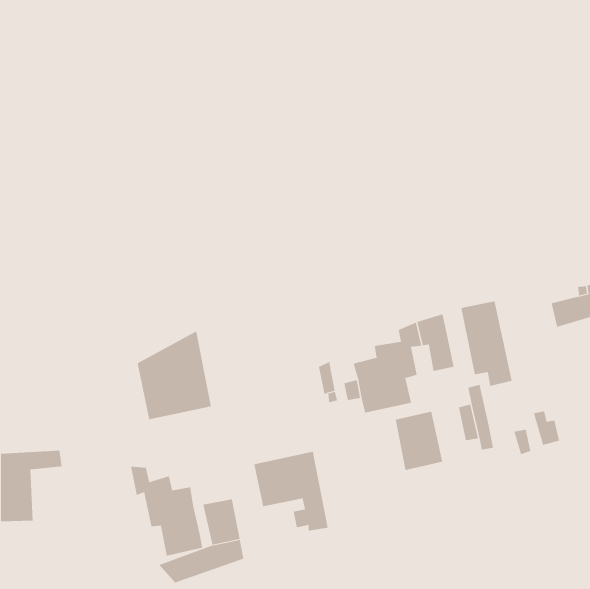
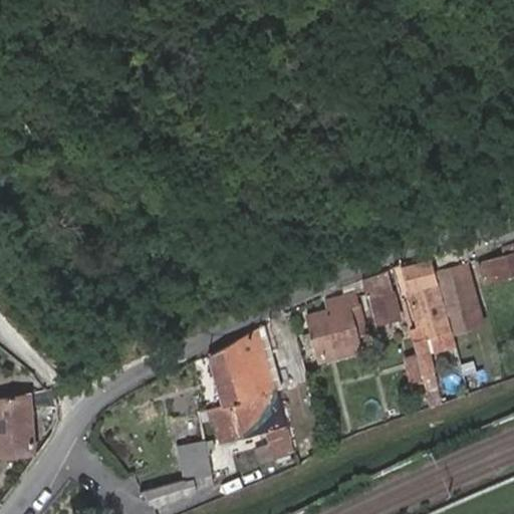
building: none -> [438,262,482,331]
building: [137,331,212,420] -> [211,327,276,405]
building: [395,411,443,471] -> none
building: [130,466,203,556] -> none

